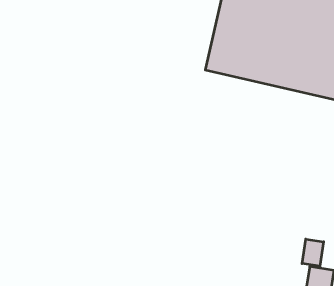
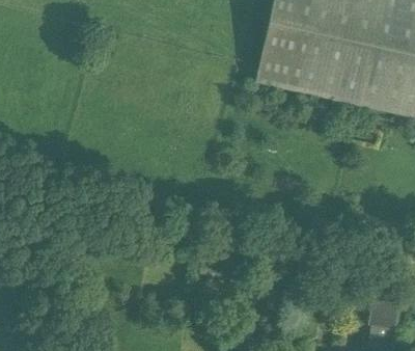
building: [302,239,324,266] -> none

